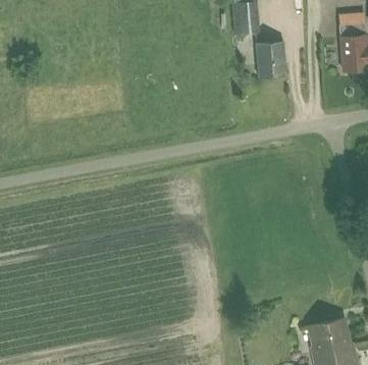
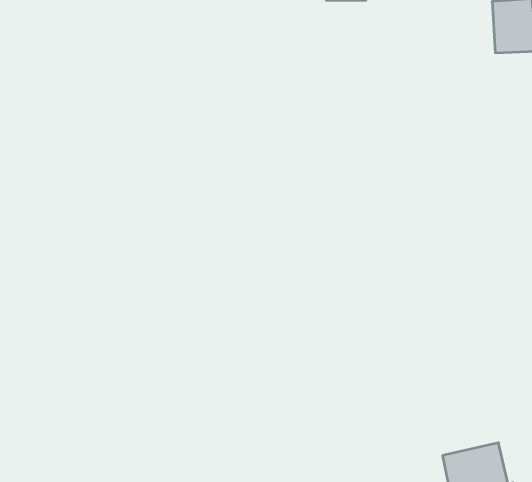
building: [257,43,285,76] -> none

